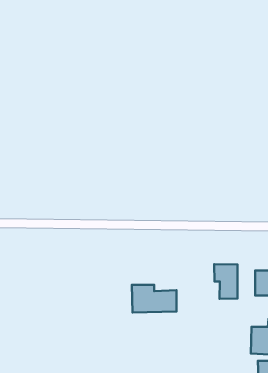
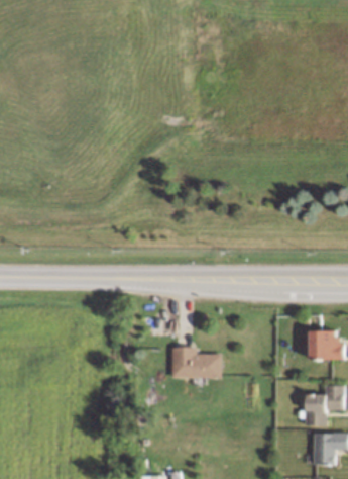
building: [214,264,238,299] -> none

